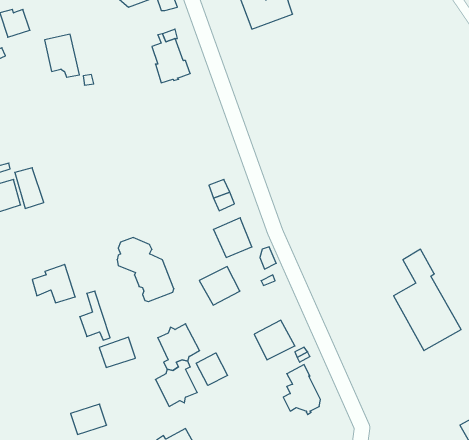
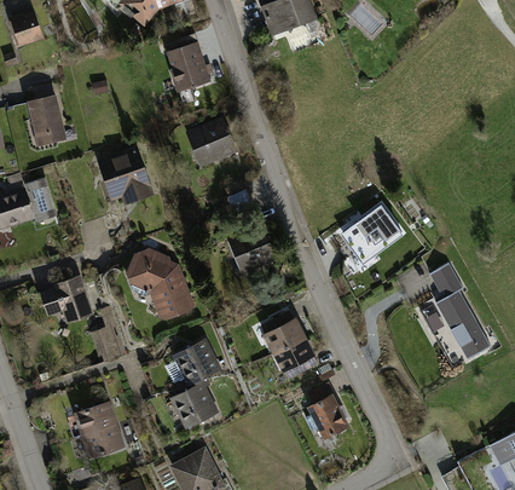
building: [45,34,79,77] -> [28,97,64,142]
building: none -> [191,120,233,161]
building: none -> [99,150,150,202]
building: none -> [342,207,400,254]
building: [199,267,240,305] -> [260,312,302,352]
building: [99,337,135,367] -> [76,403,114,434]
building: [196,353,228,385] -> none

